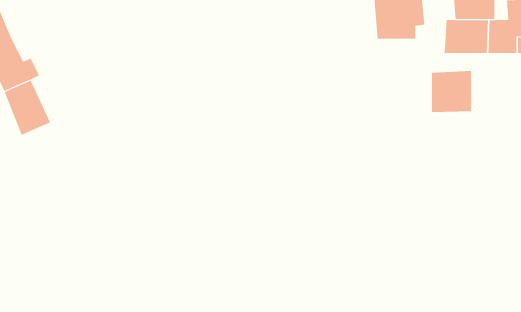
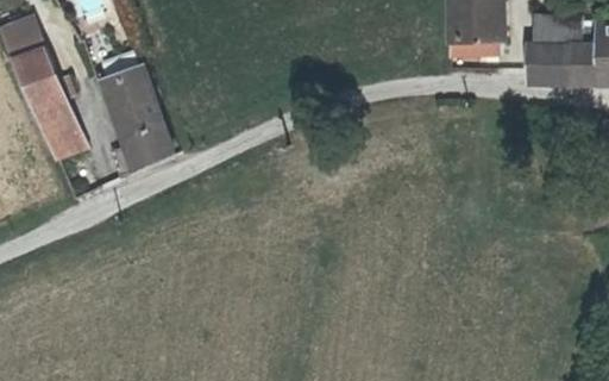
building: none -> [93,64,168,173]
building: [432,70,472,113] -> none

